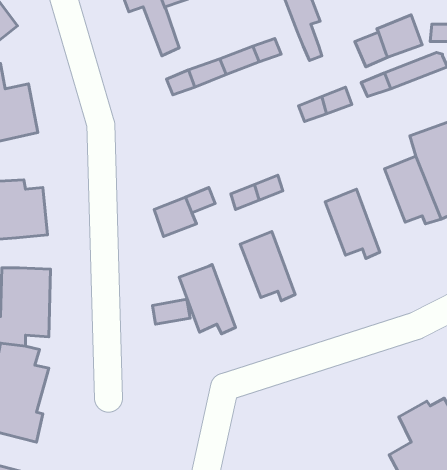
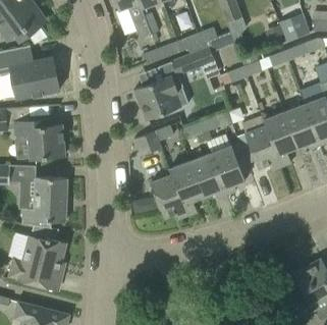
building: none -> [133,47,214,120]
building: none -> [263,112,296,166]
building: none -> [210,142,247,194]
building: none -> [167,161,203,215]

